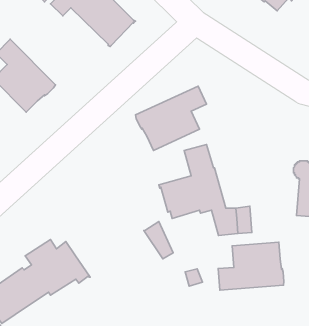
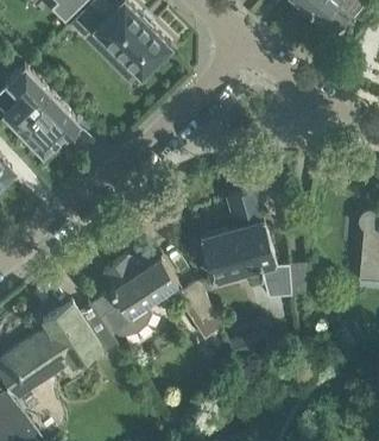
building: [135,86,207,150] -> none
building: none -> [89,258,177,336]
building: [218,242,284,290] -> none

